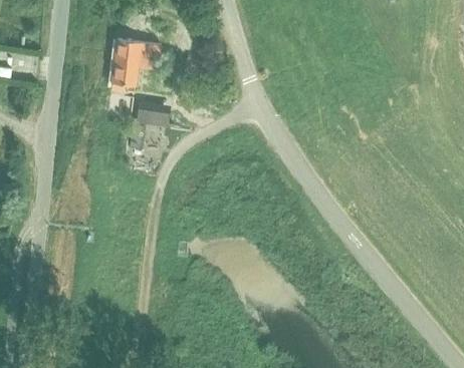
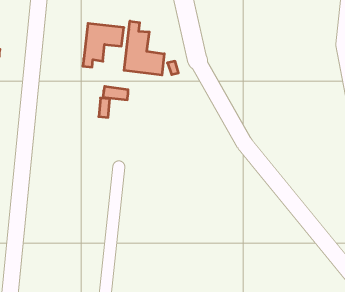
building: none -> [124,21,164,75]

